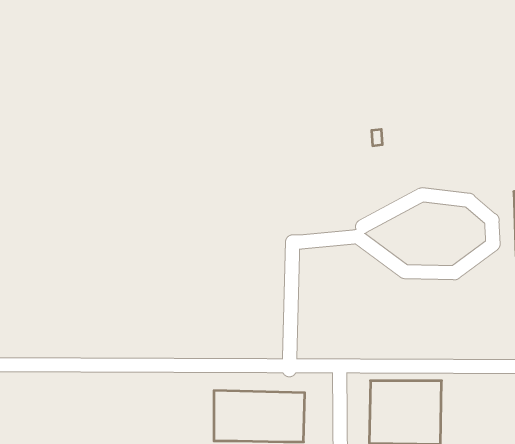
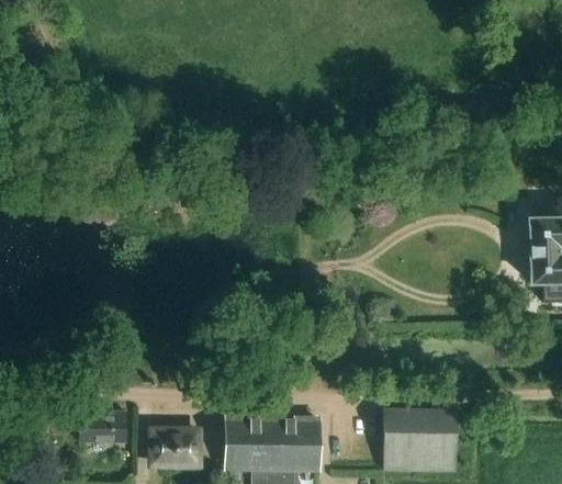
building: none -> [79,413,125,442]
building: none -> [154,431,200,464]

